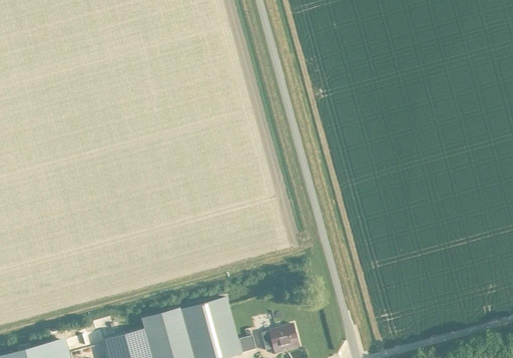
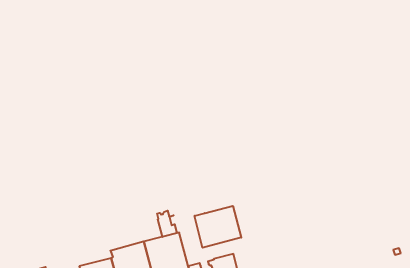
building: none -> [195,206,241,248]
building: none -> [157,211,177,237]

